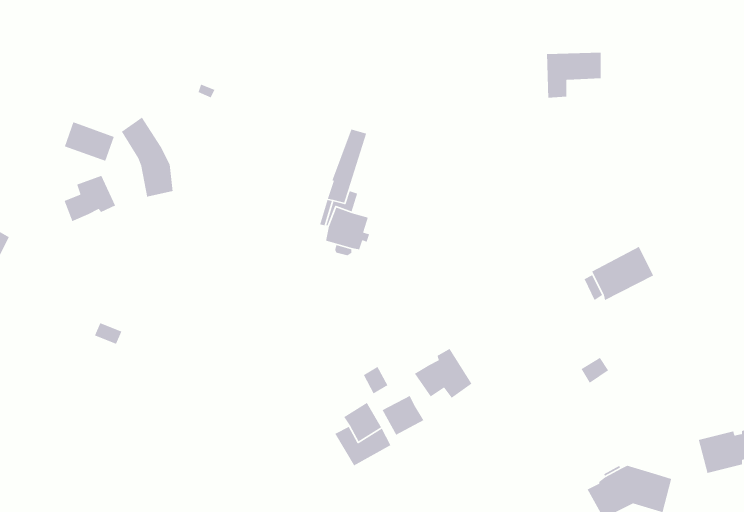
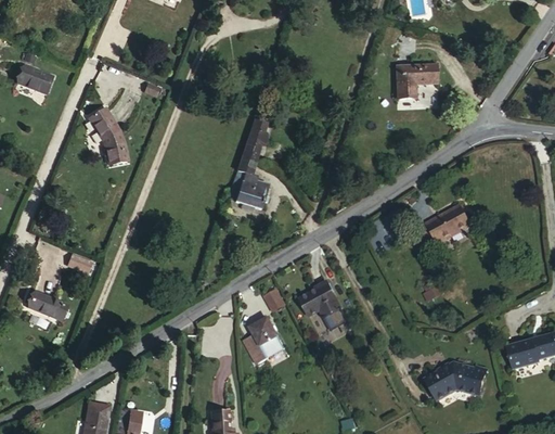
building: [64,121,115,162] -> [21,61,57,90]
building: [63,175,116,222] -> none
building: none -> [26,291,66,321]
building: [381,395,425,436] -> none

